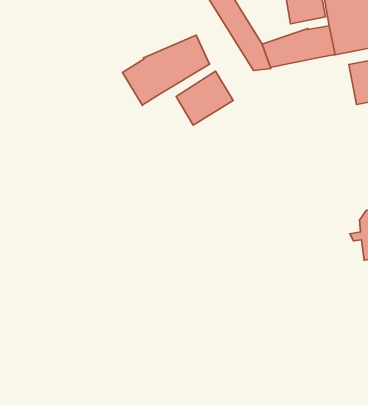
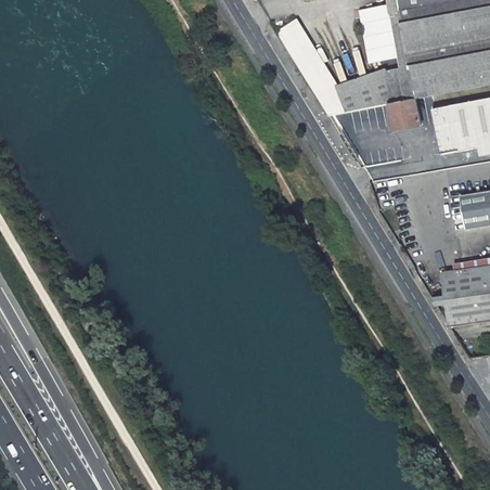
building: [122,35,210,105] -> none
building: none -> [390,96,422,129]
building: [176,71,233,125] -> none

